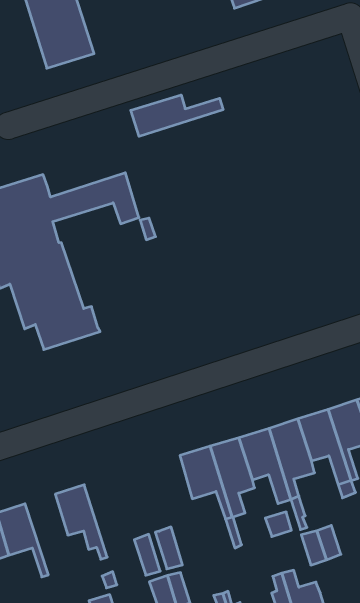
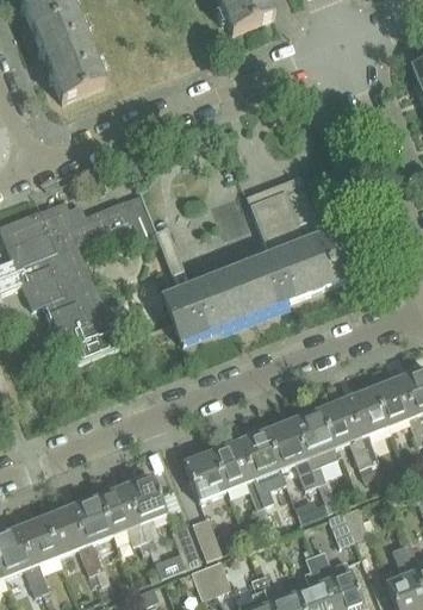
building: [131,95,223,136] -> none
building: none -> [162,182,349,343]
building: none -> [183,450,224,499]
building: none -> [123,473,166,549]
building: none -> [69,494,111,569]

